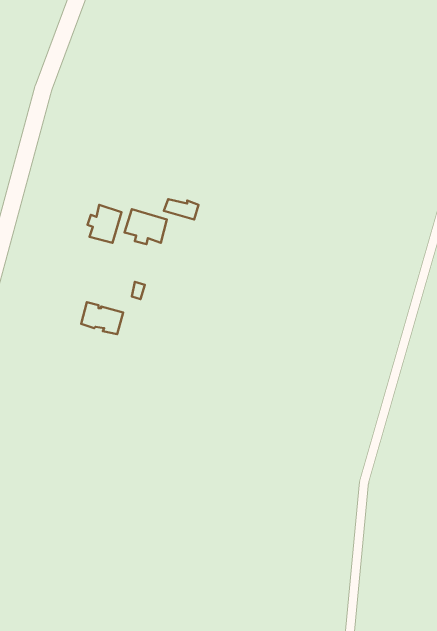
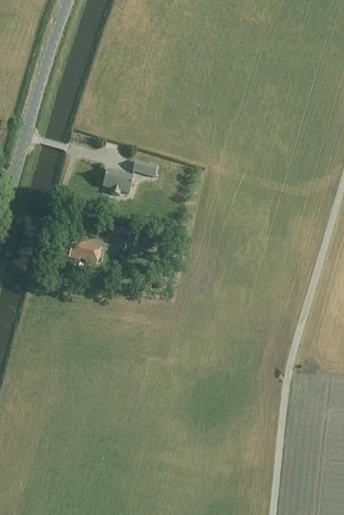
building: [87,205,122,243] -> none

